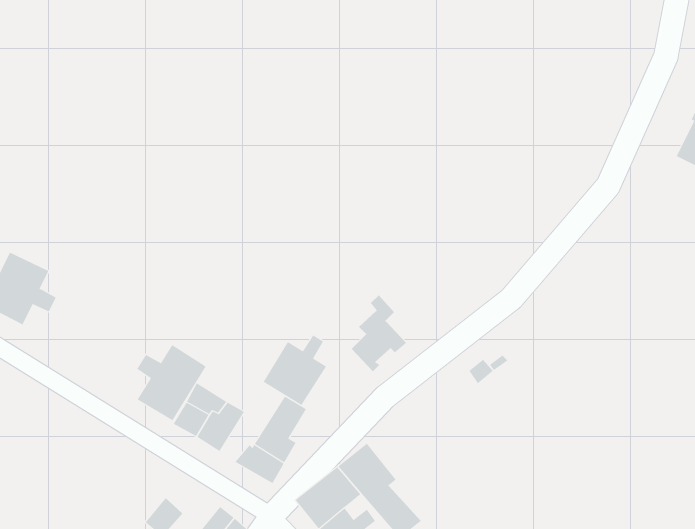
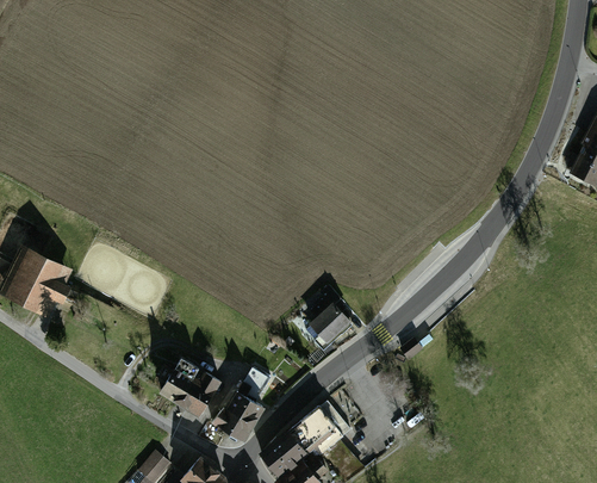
building: [263,335,327,406] -> none
building: [136,344,207,421] -> none

